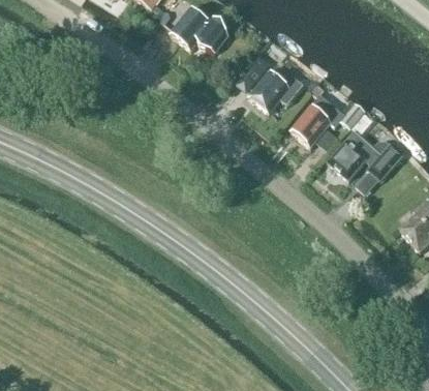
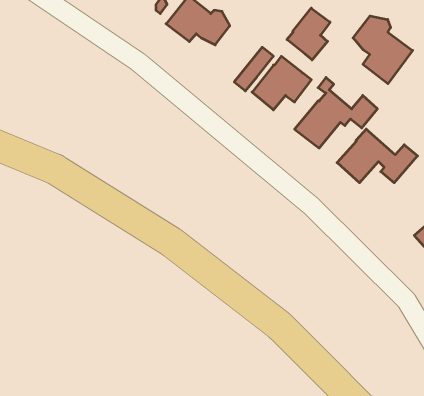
building: none -> [287,8,330,60]
building: none -> [353,16,413,84]

